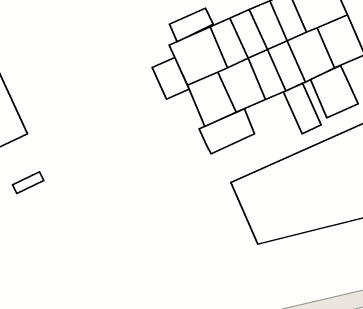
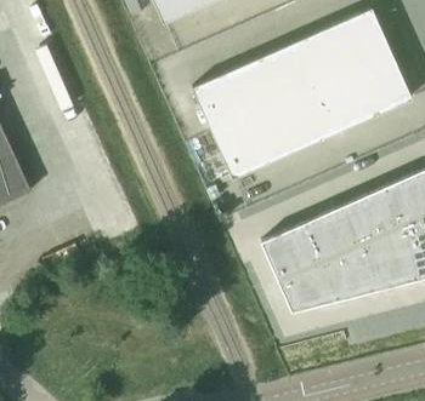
building: [170,8,213,42] -> none
building: [152,57,189,99] -> none
building: [310,65,358,118] -> none
building: [284,83,321,134] -> none
building: [199,109,255,154] -> none

